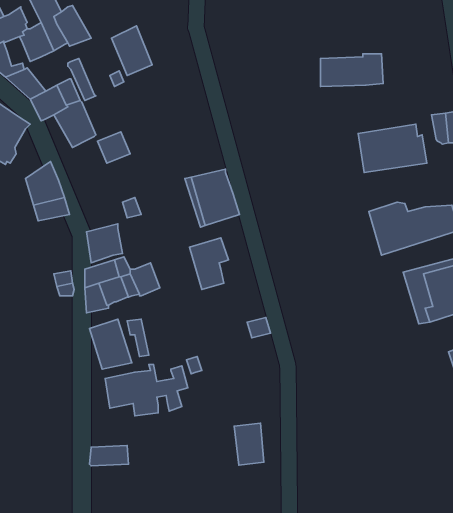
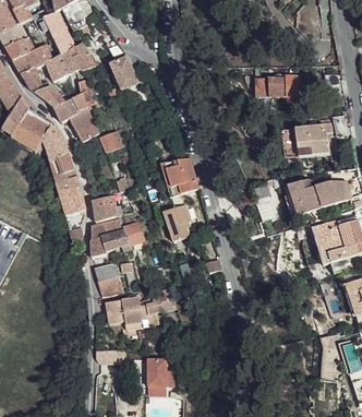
building: none -> [41,123,67,162]
building: none -> [58,187,84,214]
building: [234,423,264,465] -> [143,354,164,383]

